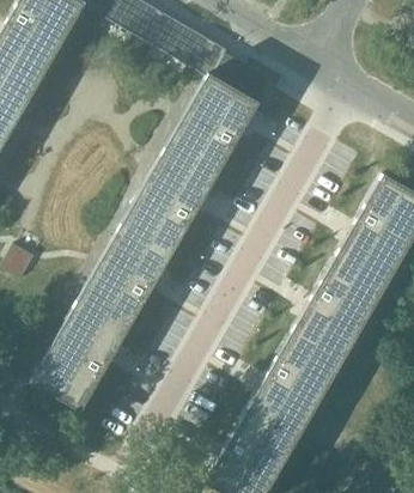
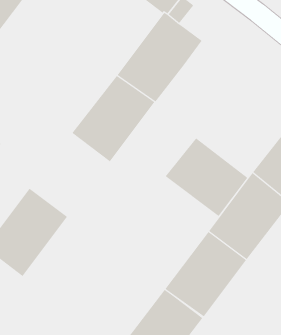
building: none -> [165,138,248,217]
building: [74,233,166,334] -> none

